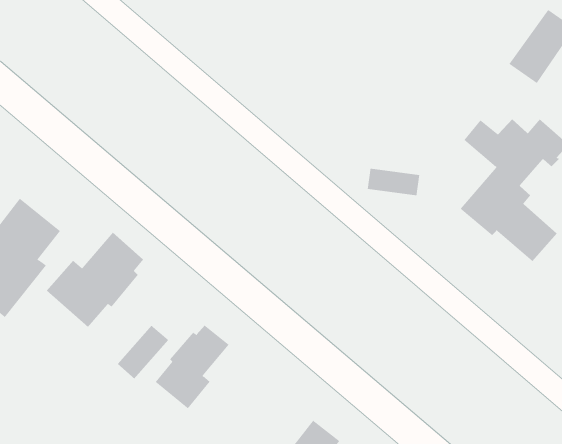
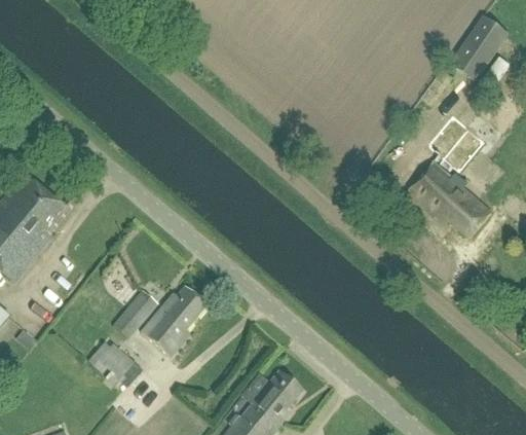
building: [367,168,420,196] -> none
building: [46,232,144,328] -> none
building: none -> [95,339,144,387]

